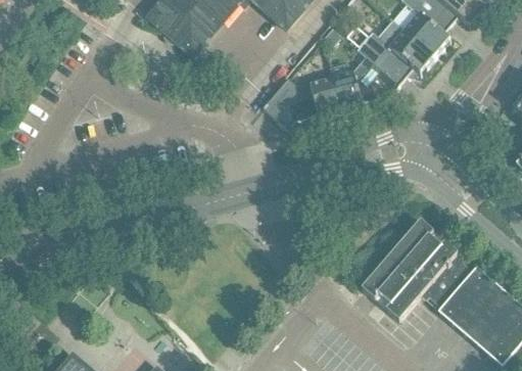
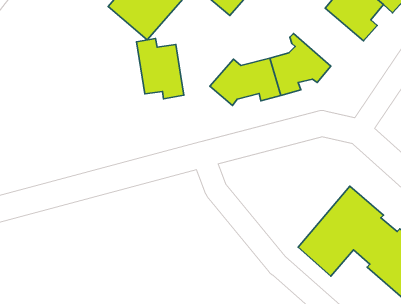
building: [355,18,434,84] -> none
building: none -> [136,38,184,99]

